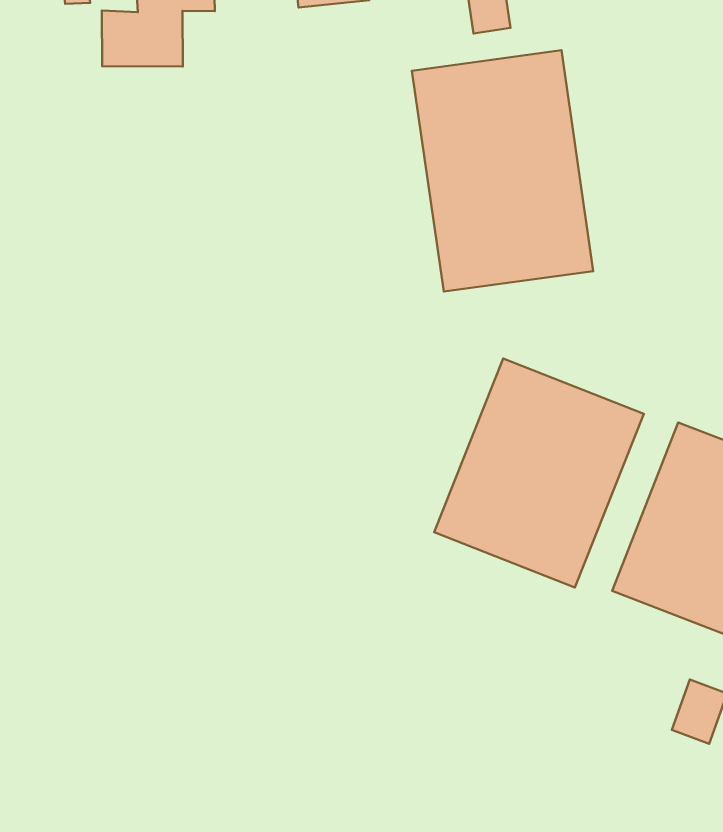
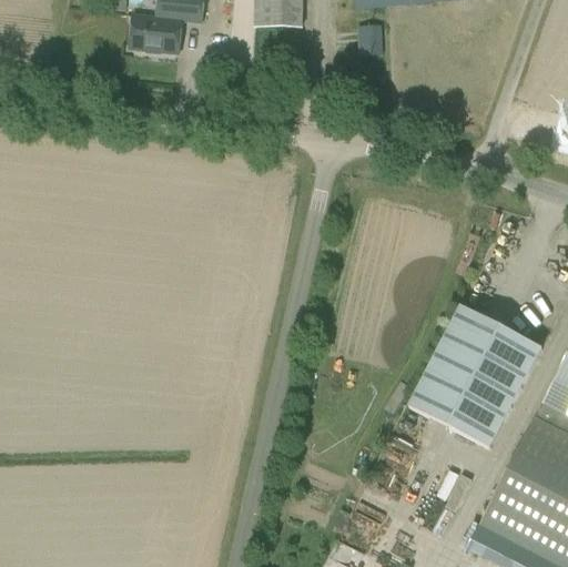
building: [412,50,593,292] -> none
building: [434,359,644,587] -> none

